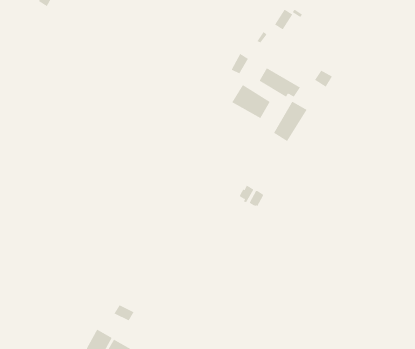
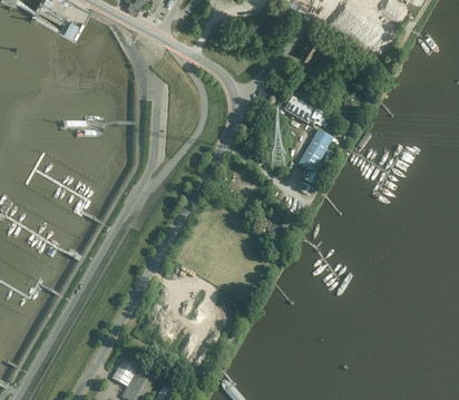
building: [232,84,271,119] -> none

